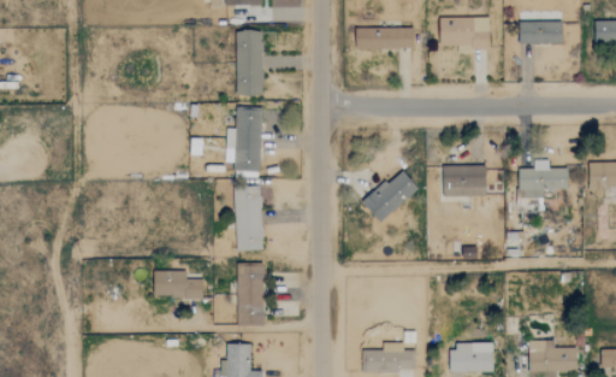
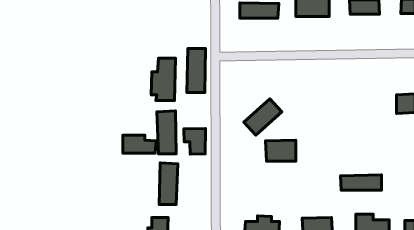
building: [235,31,262,96] -> [187,49,206,92]
building: [442,165,486,196] -> [266,140,296,161]
building: [516,167,567,211] -> none
building: none -> [184,129,206,154]
building: [154,271,203,298] -> [123,135,156,153]
building: none -> [340,175,382,190]

